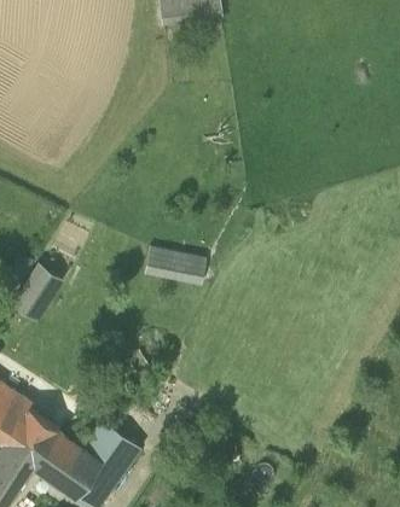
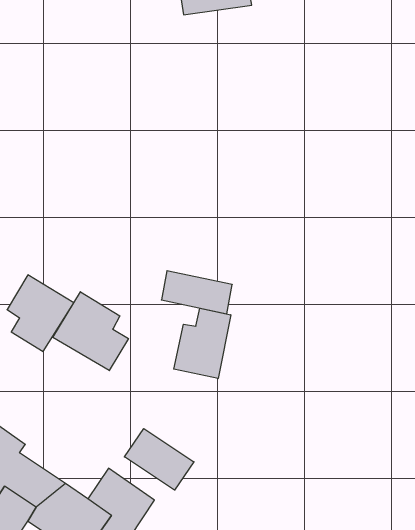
building: none -> [53,292,128,371]
building: none -> [174,308,231,379]
building: none -> [124,429,194,490]

